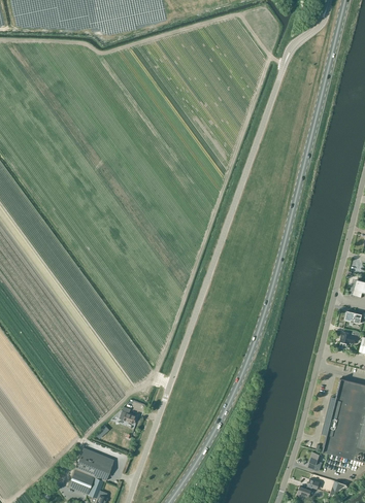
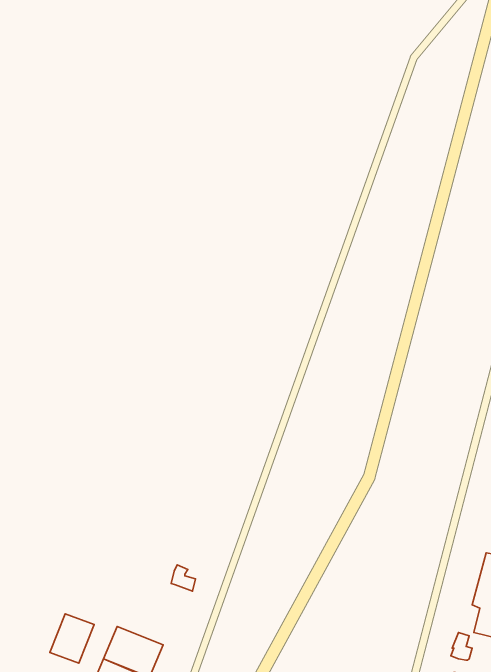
building: none -> [50,614,94,663]

